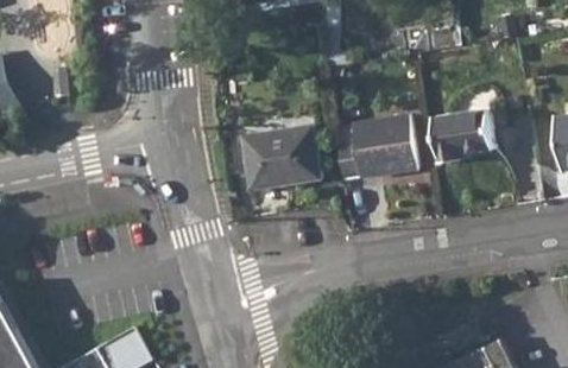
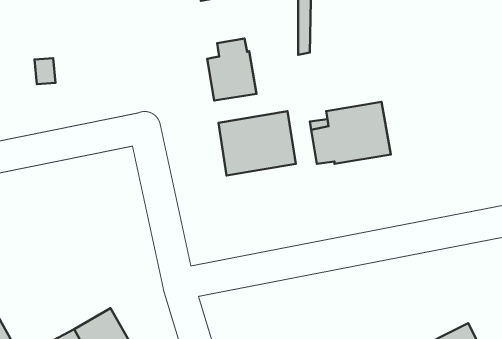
building: none -> [207,39,256,101]
building: [431,110,492,165] -> none

